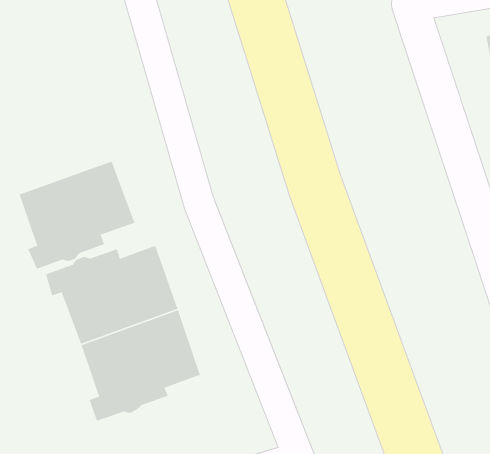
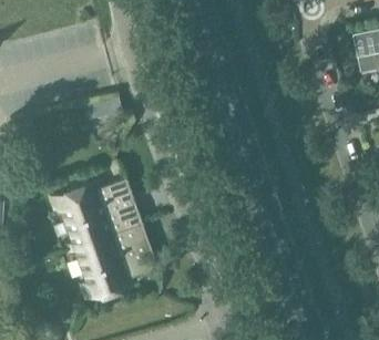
building: [19,160,135,270] -> none

